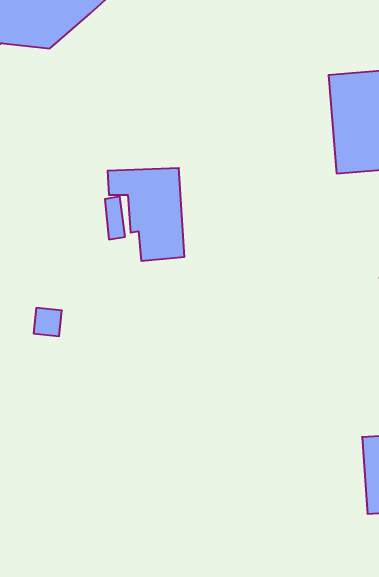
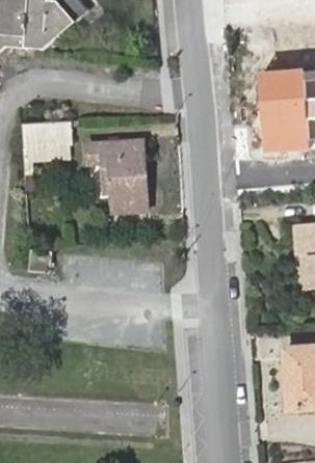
building: none -> [23,121,72,161]

